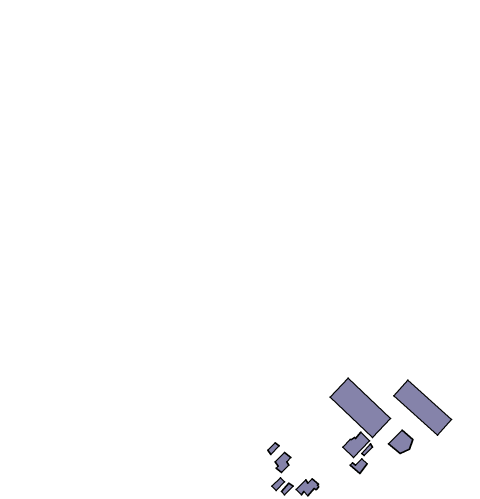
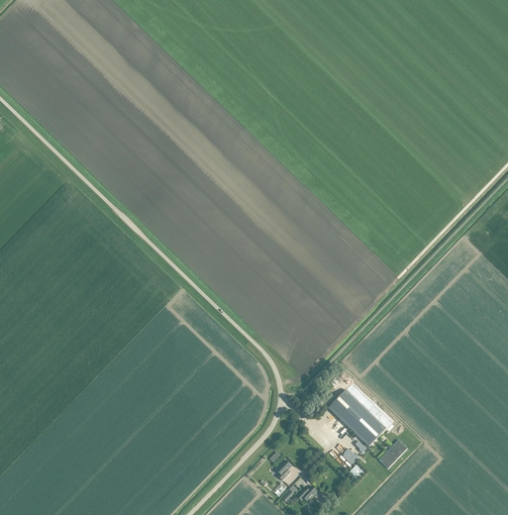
building: [394,380,452,435] -> none

